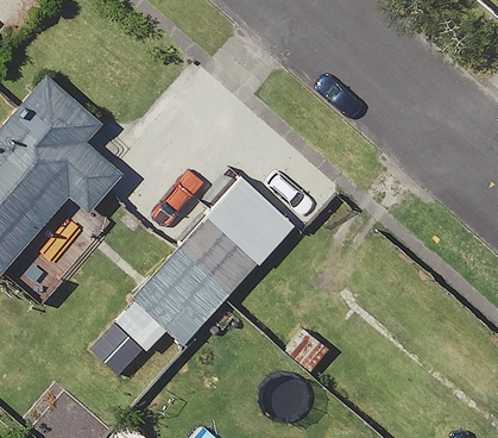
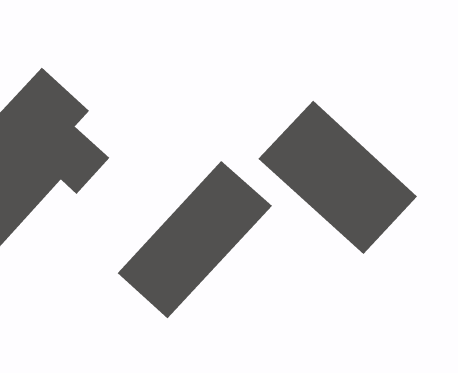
building: none -> [257,100,418,255]

